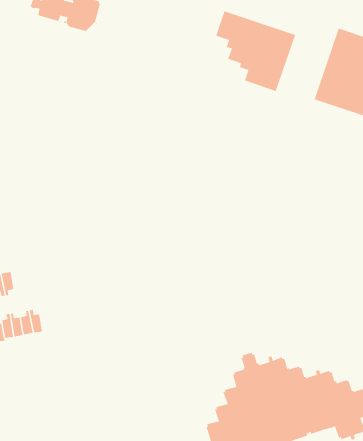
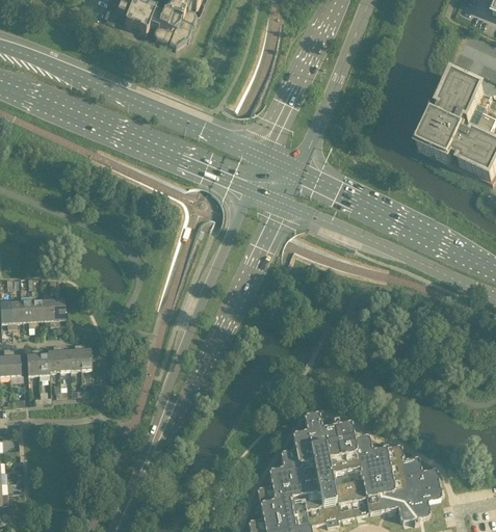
building: [216,11,296,92] -> none

